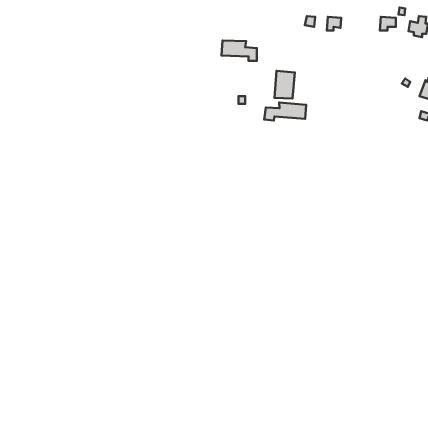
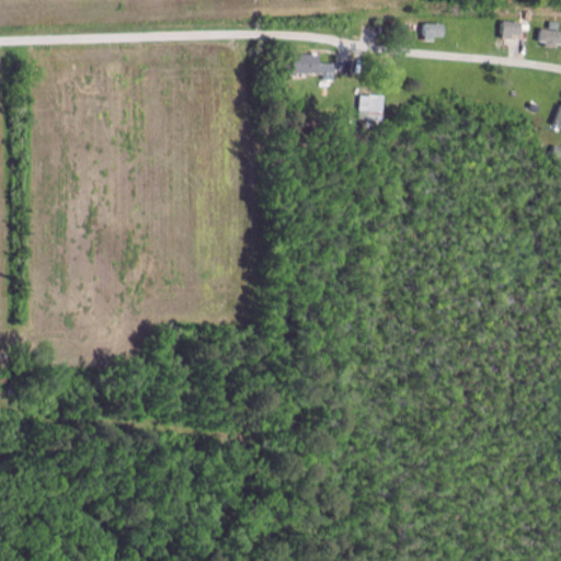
building: [264,103,306,120] -> none

